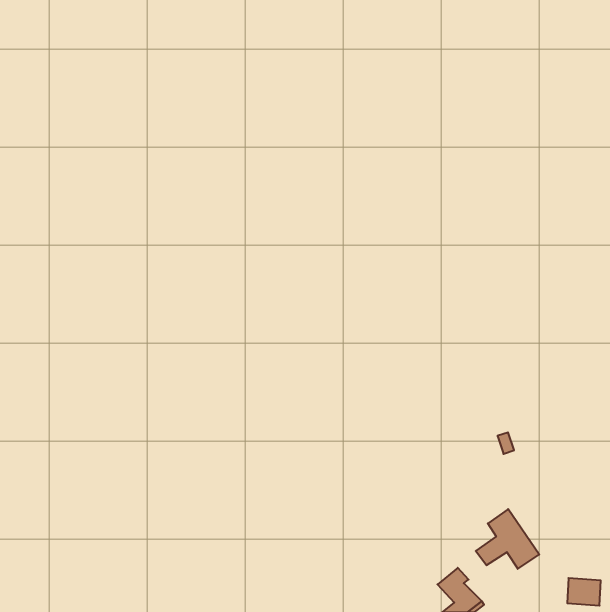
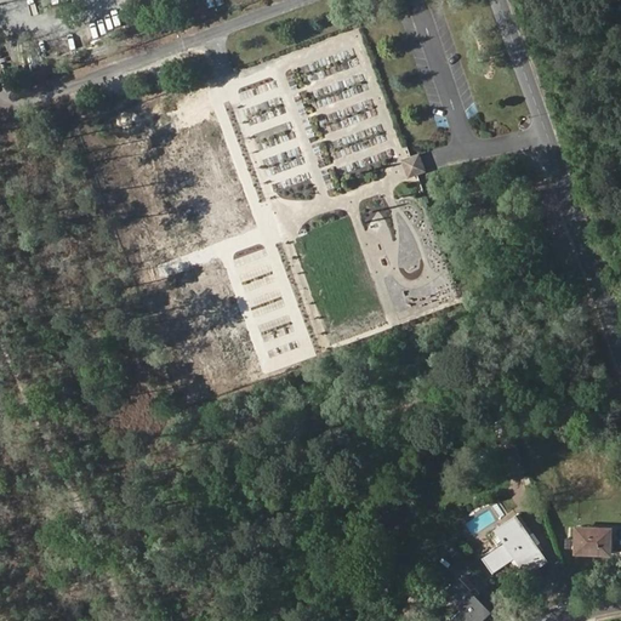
building: [567,578,601,606] -> [575,528,609,556]

